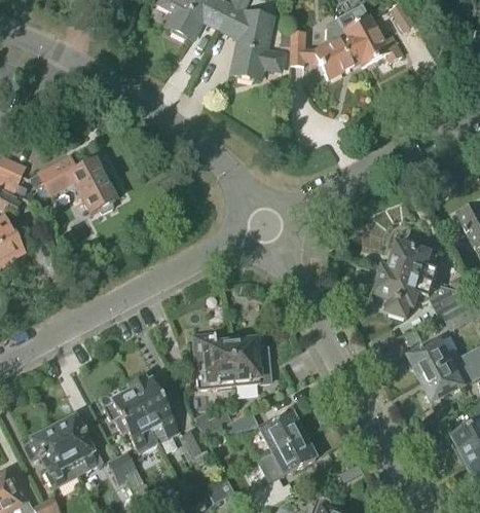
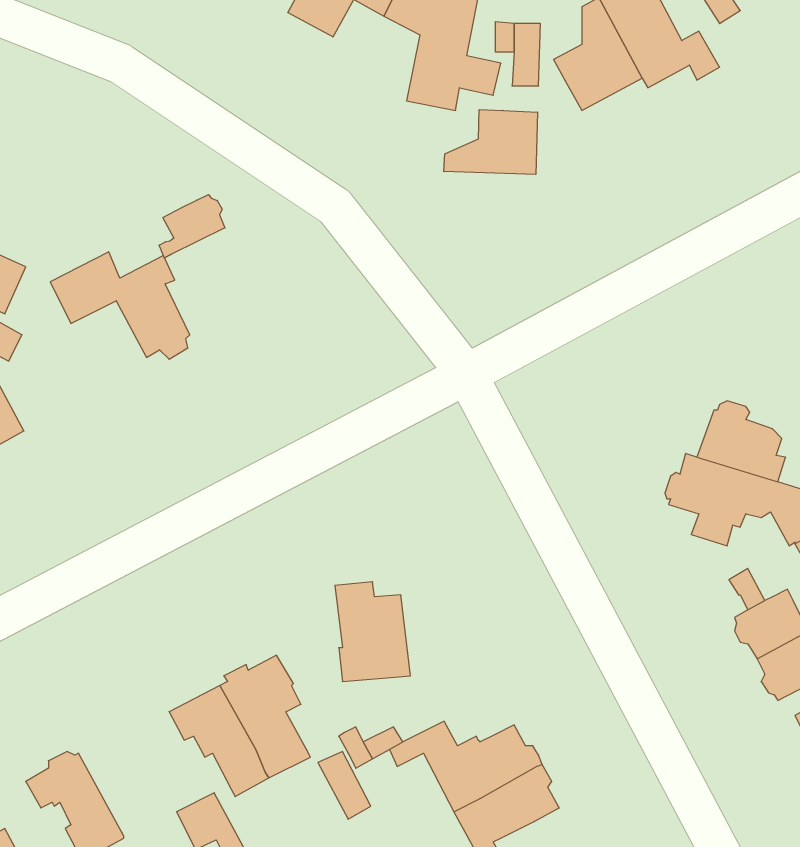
building: none -> [444,110,537,174]
building: none -> [159,195,225,258]
building: [228,338,269,388] -> none
building: [52,414,104,476] -> none

